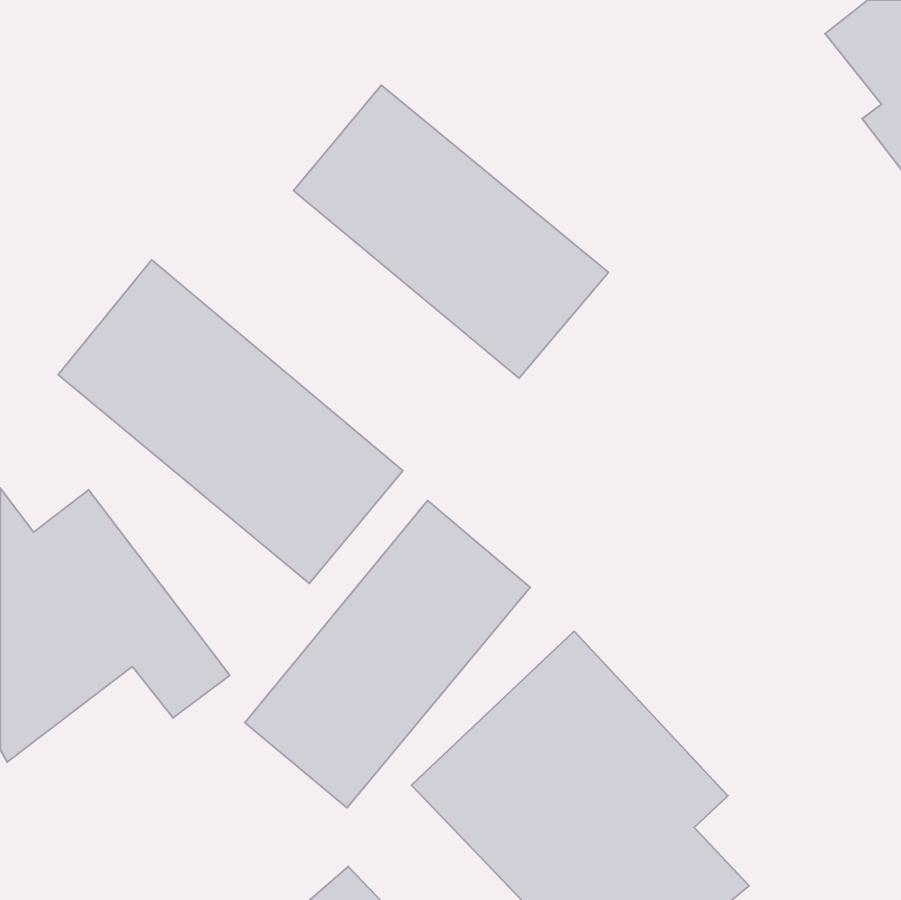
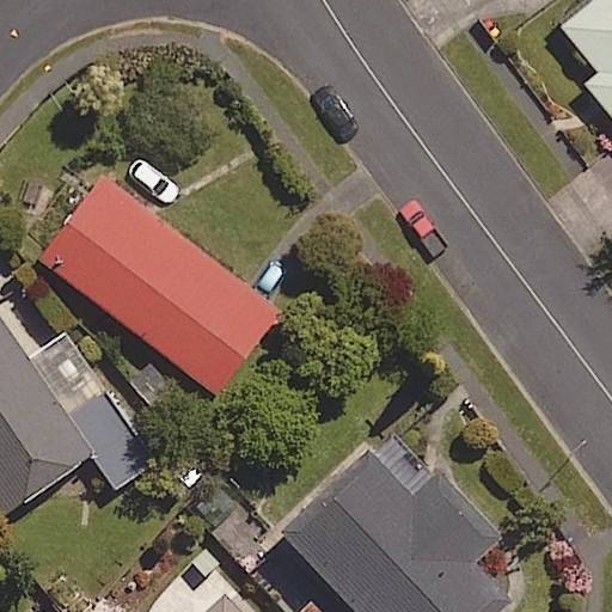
building: [294,85,608,378] -> none
building: [245,501,530,808] -> none

